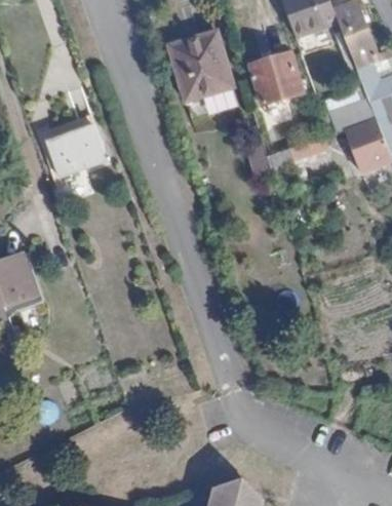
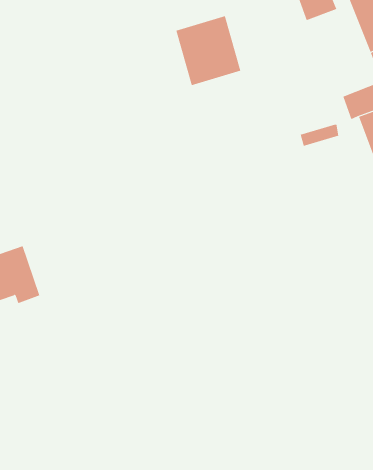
building: [250,51,304,105] -> none
building: [48,127,107,178] -> none

